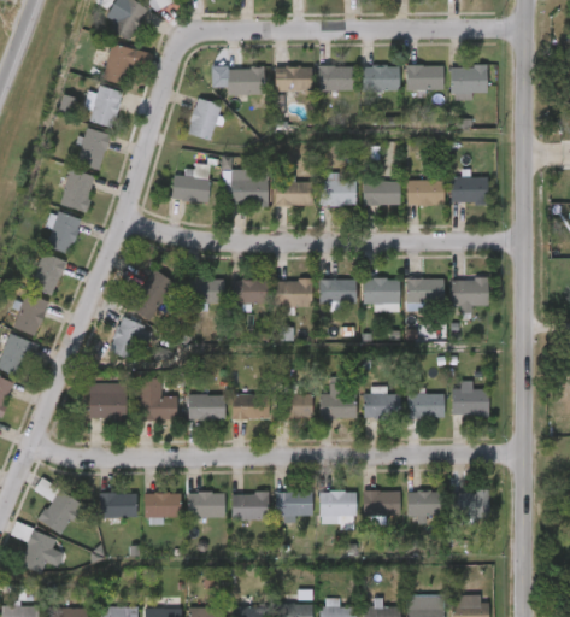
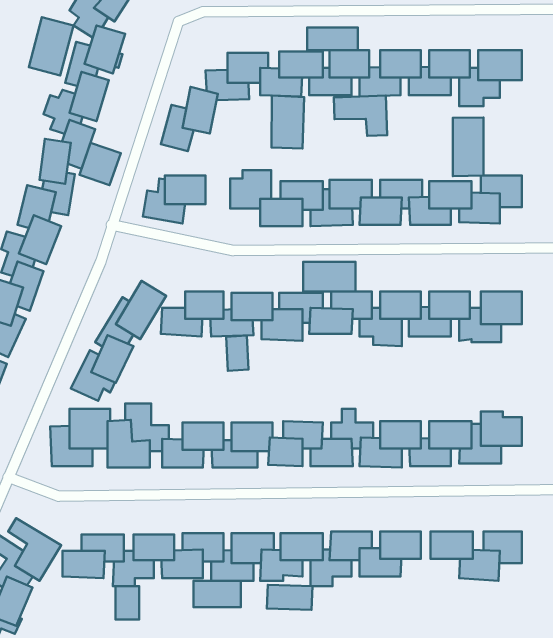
building: none -> [29,17,73,76]
building: none -> [307,28,358,50]
building: none -> [272,96,304,149]
building: none -> [334,96,387,136]
building: none -> [453,118,484,176]
building: none -> [80,143,121,185]
building: none -> [303,262,355,292]
building: none -> [226,335,248,371]
building: none -> [194,581,241,607]
building: none -> [267,585,312,610]
building: none -> [116,586,139,620]

